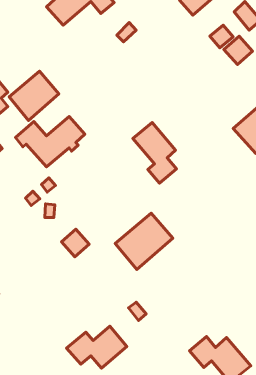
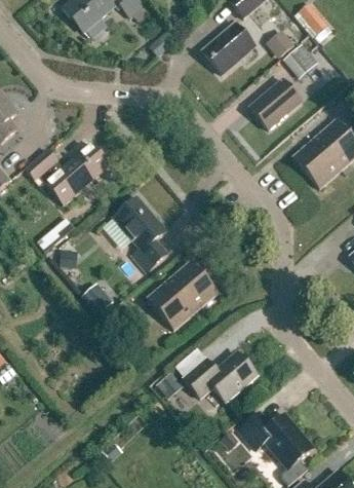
building: none -> [203,24,255,74]
building: none -> [250,79,302,129]
building: [9,71,59,120] -> none
building: [133,123,176,183] -> [114,197,167,271]
building: [66,326,127,368] -> [184,351,258,403]

